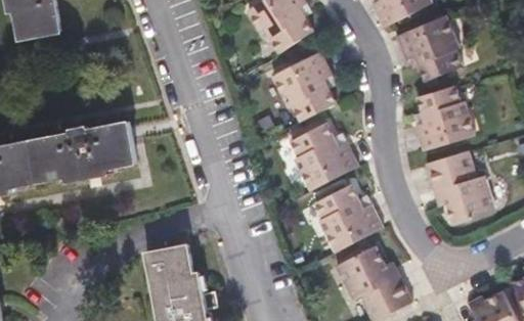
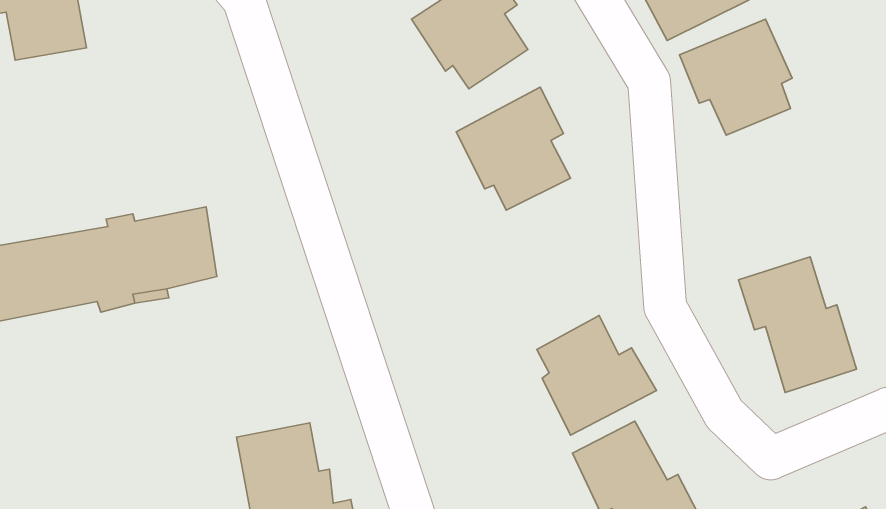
building: [414,85,474,150] -> none
building: [291,125,357,192] -> none

